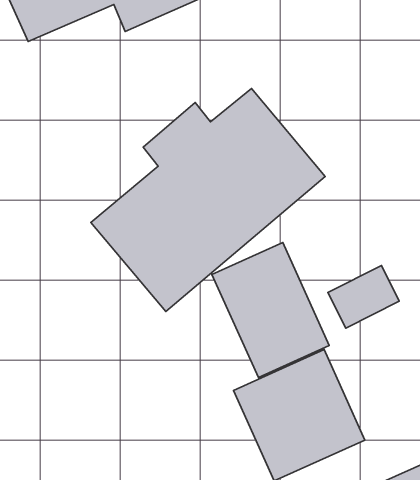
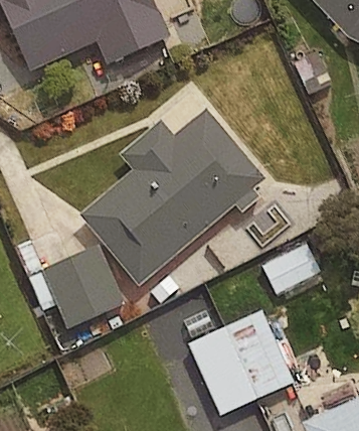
building: [212,243,329,378] -> none
building: none -> [30,251,121,329]

